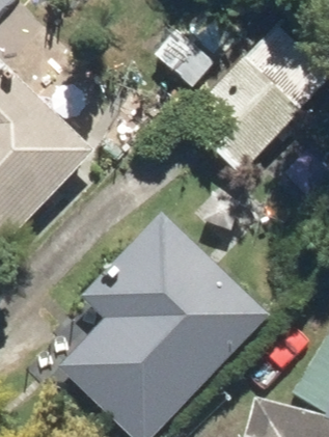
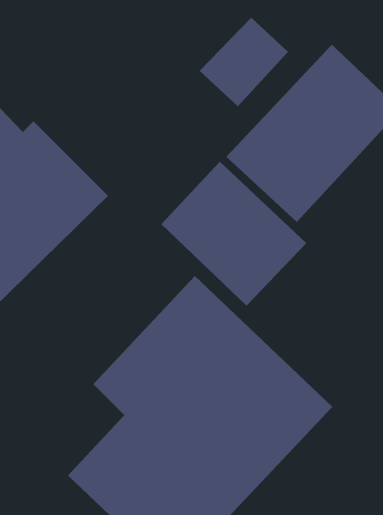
building: none -> [161,161,307,306]

